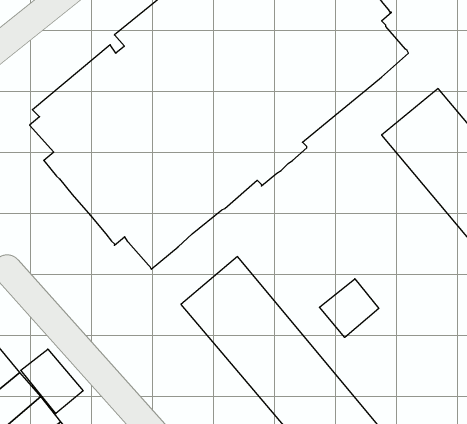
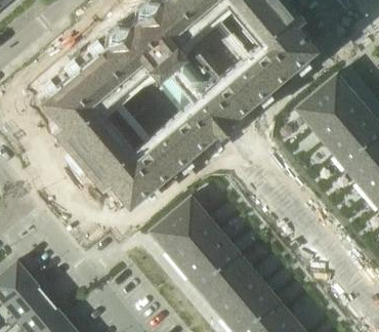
building: [319,279,379,337] -> none
building: [21,349,83,414] -> none

